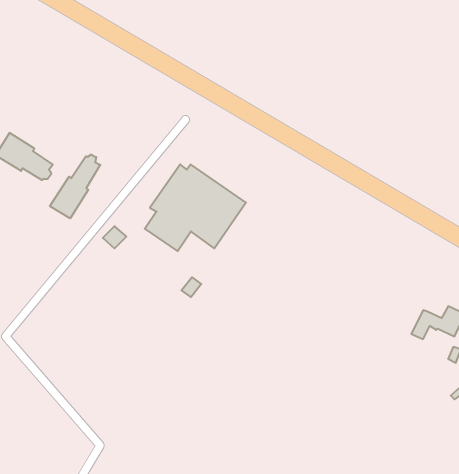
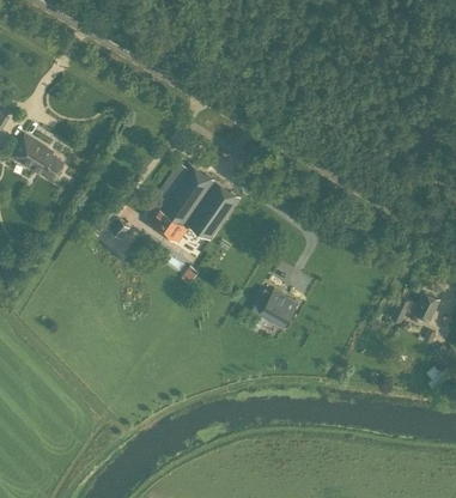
building: [50,154,100,218] -> none
building: none -> [256,290,299,330]

